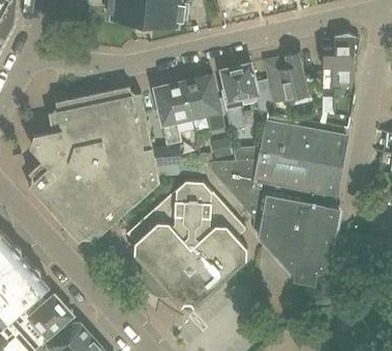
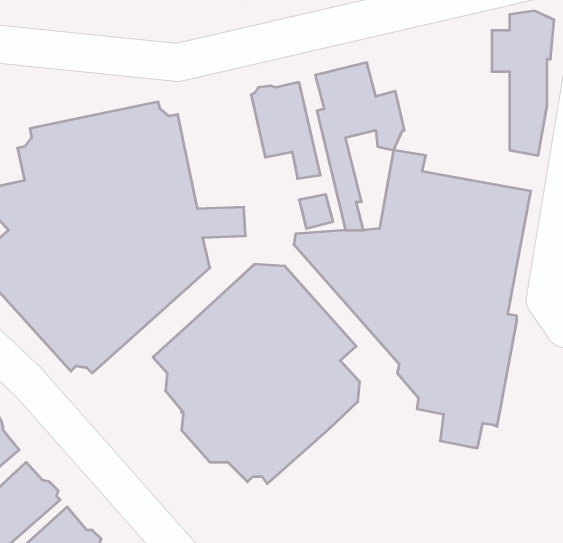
building: [264,53,308,104] -> none
building: [154,79,191,143] -> none

